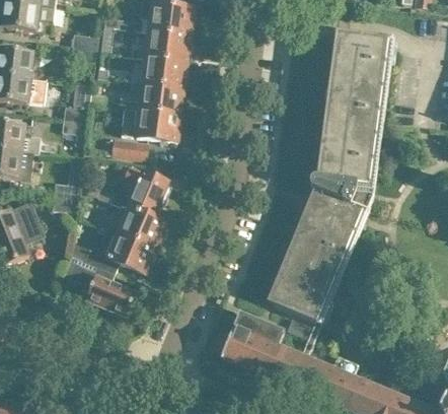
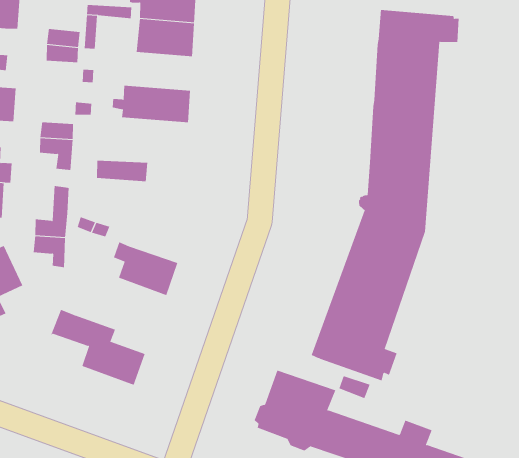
building: [131,55,186,87] -> none
building: [121,106,180,140] -> none
building: [127,166,171,222] -> none
building: [83,227,156,272] -> none

